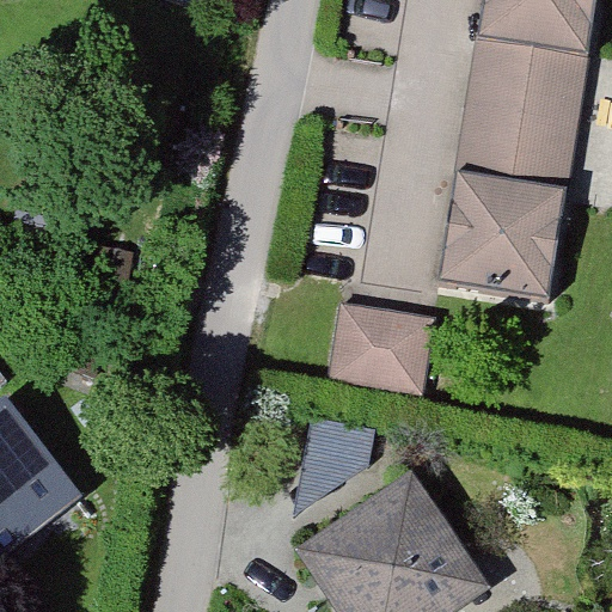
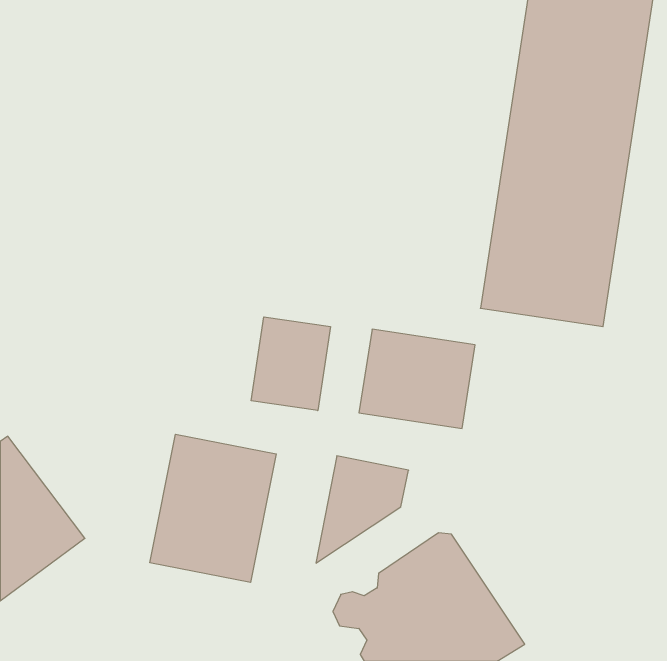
building: none -> [251,317,330,411]
building: none -> [150,434,276,582]

